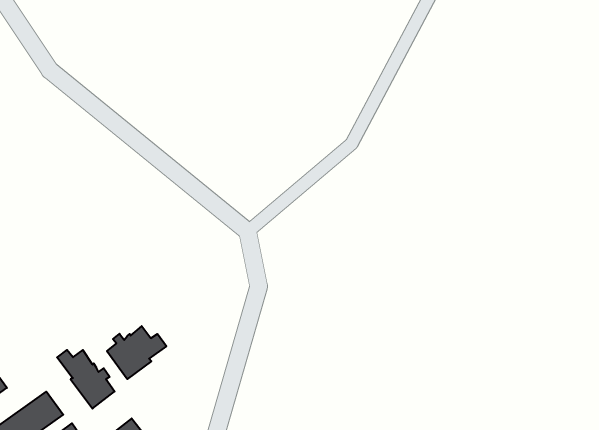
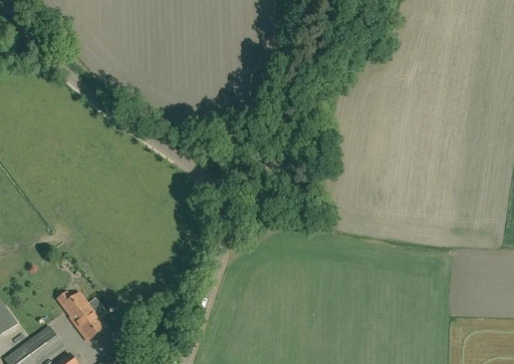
building: [107,326,166,379] -> none

